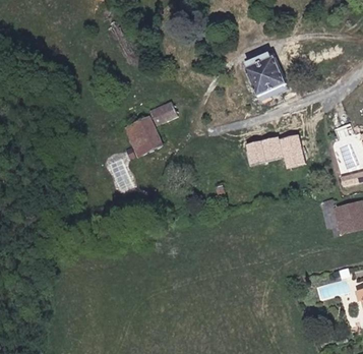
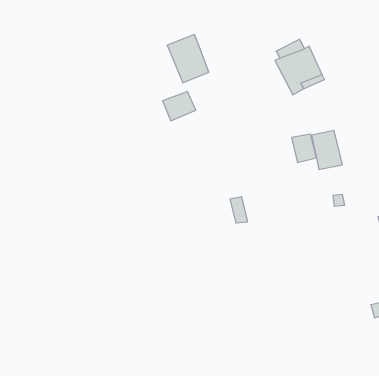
building: [125,113,161,155] -> [167,34,209,83]
building: [244,139,265,165] -> none

